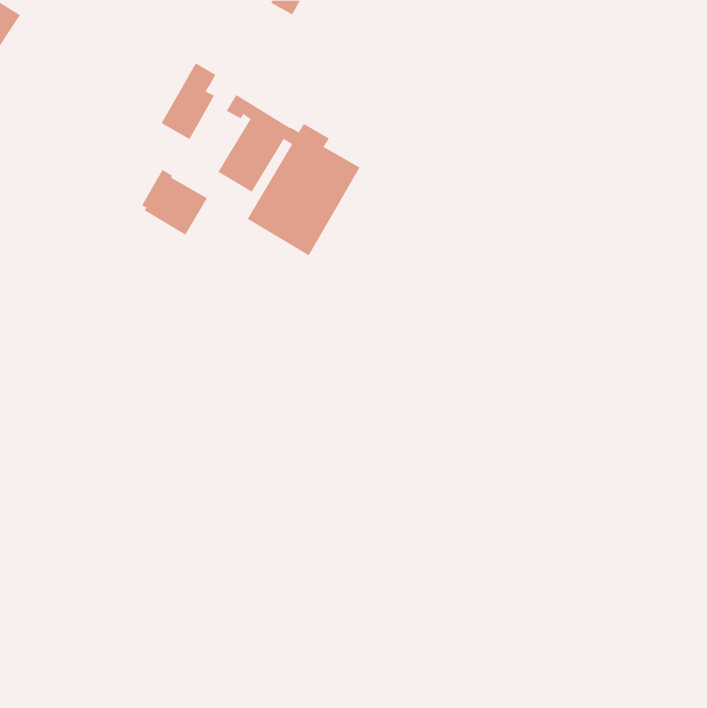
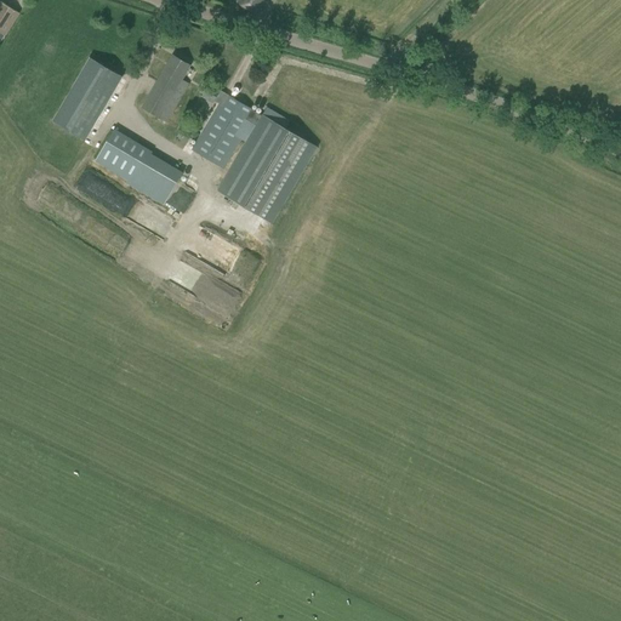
building: none -> [51,57,120,141]
building: none -> [93,130,143,180]

